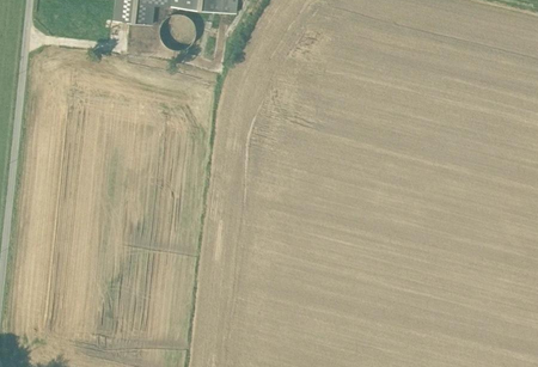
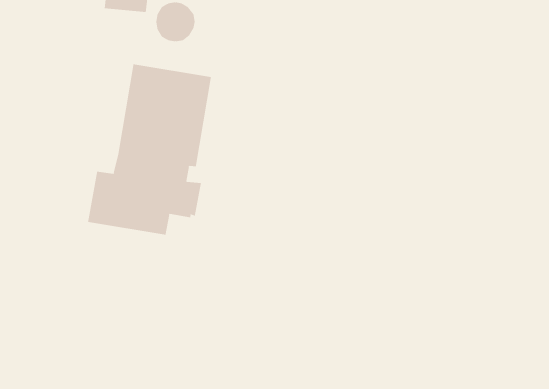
building: none -> [88,64,211,235]

